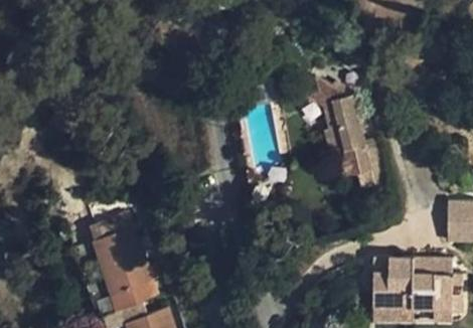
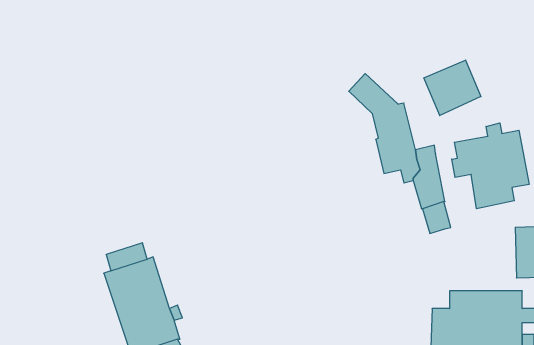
building: none -> [424,60,481,116]
building: none -> [452,123,529,209]

